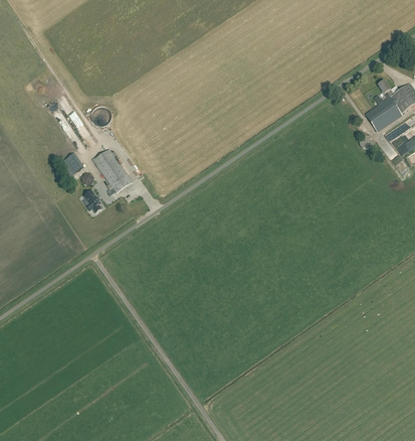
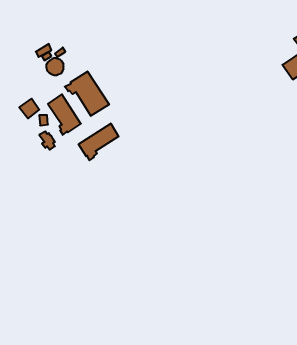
building: none -> [65,71,109,116]
building: none -> [79,123,119,160]

